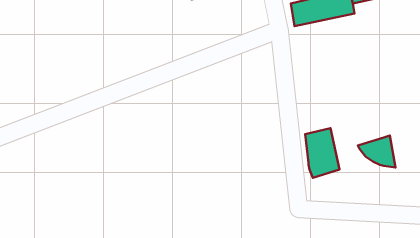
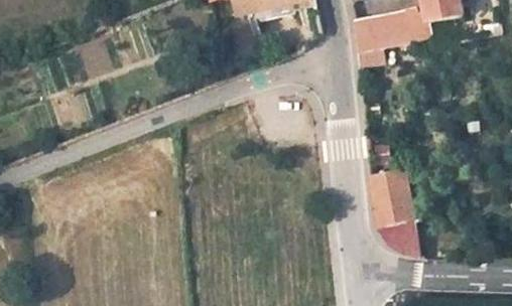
building: [358,136,396,167] -> [378,218,423,257]

